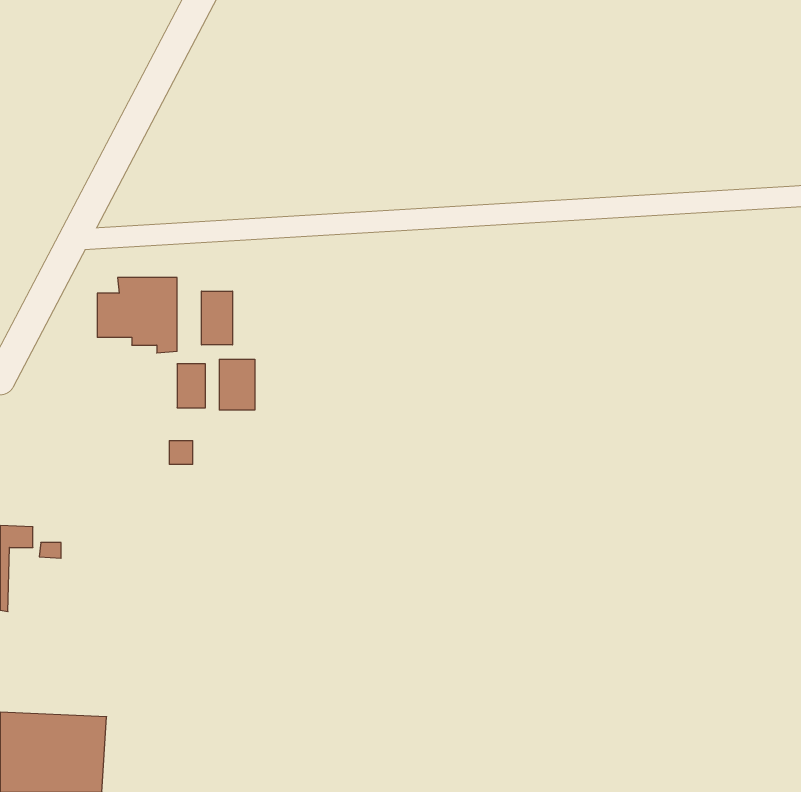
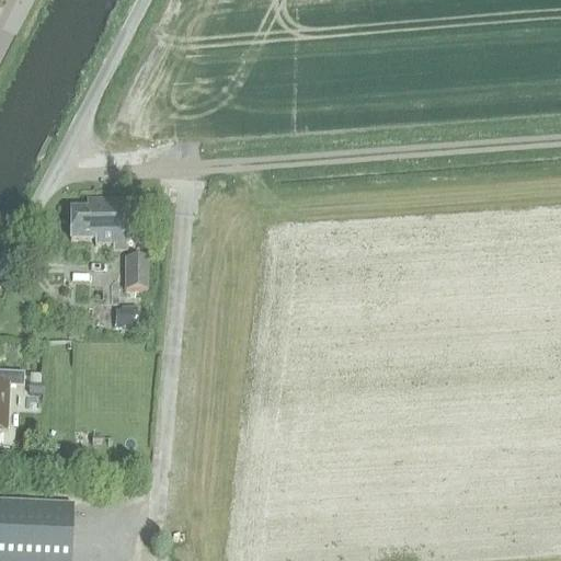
building: [202,291,232,345] -> none
building: [219,359,255,410] -> none

